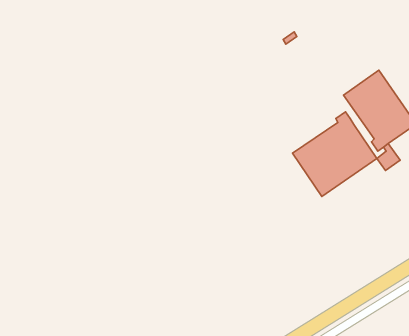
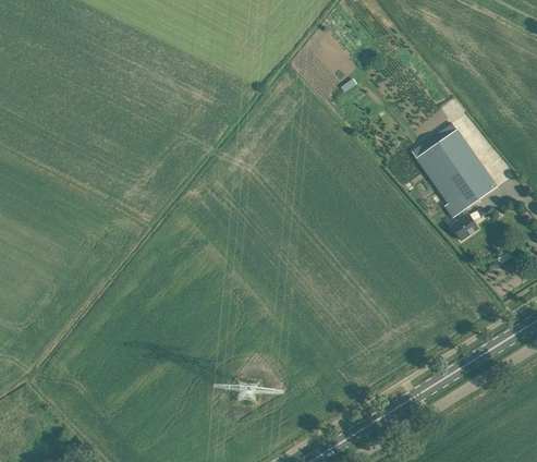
building: [293,112,377,197] -> none

